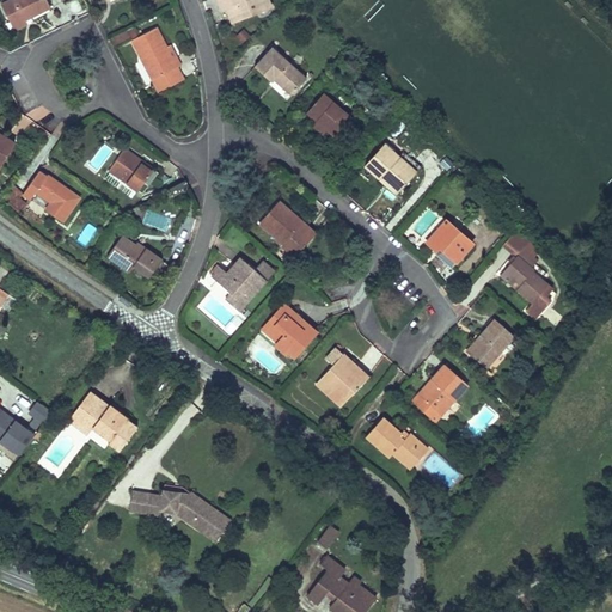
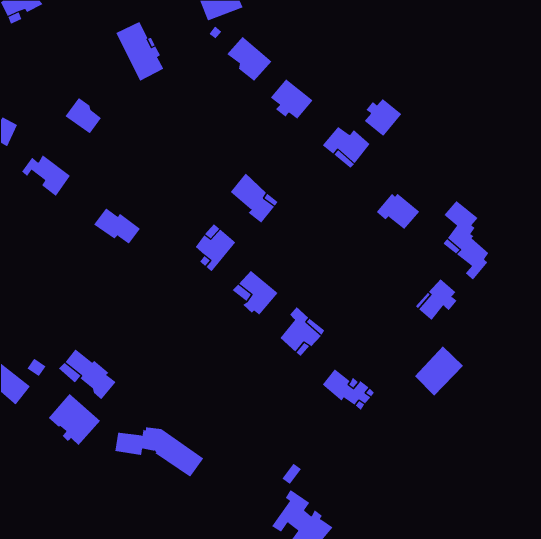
building: none -> [364,98,402,137]
building: [110,148,152,190] -> [65,97,102,134]
building: [414,368,470,426] -> [414,346,464,396]
building: none -> [48,393,101,446]

